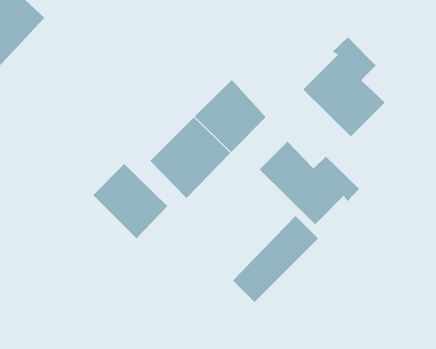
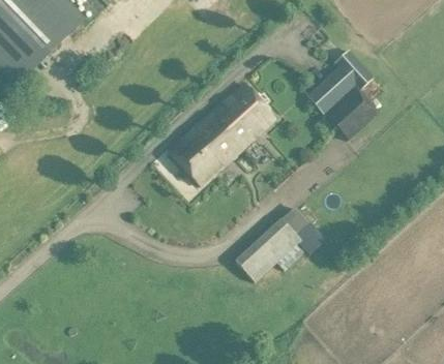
building: [259,141,360,225] -> none
building: [92,163,168,239] -> none

